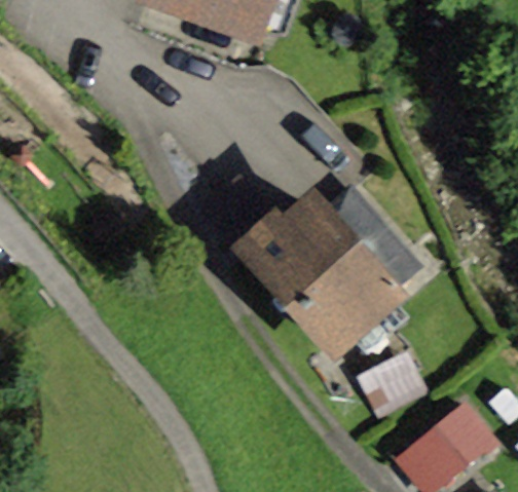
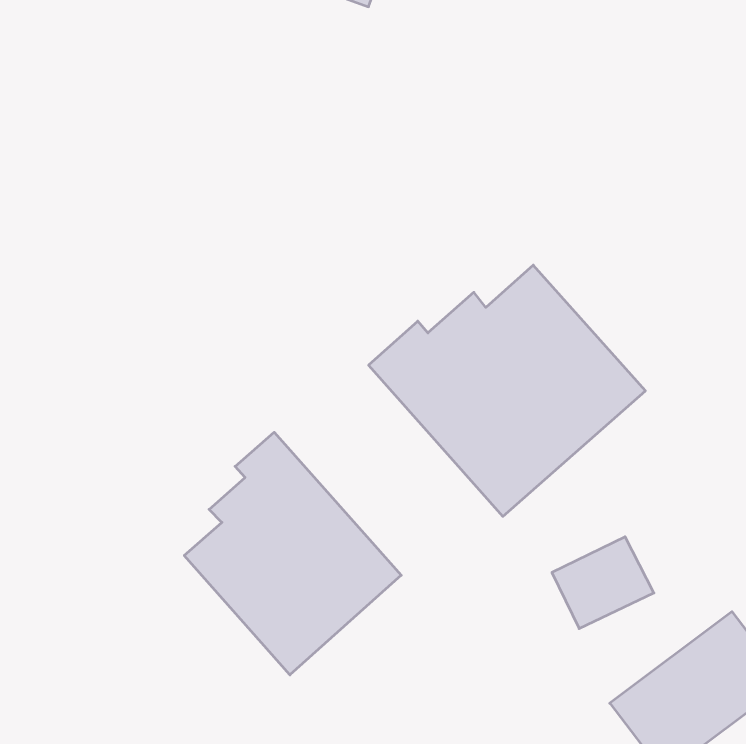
building: none -> [184,432,401,675]

